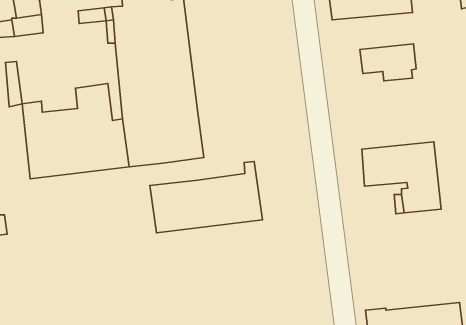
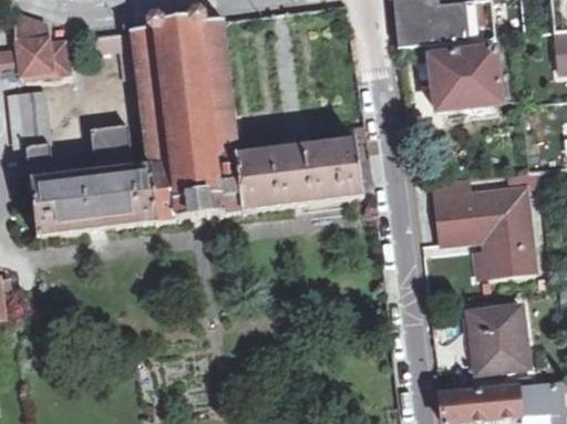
building: none -> [429,50,496,80]
building: none -> [20,92,50,145]
building: [150,162,263,233] -> [237,124,372,209]
building: none -> [470,303,529,370]

